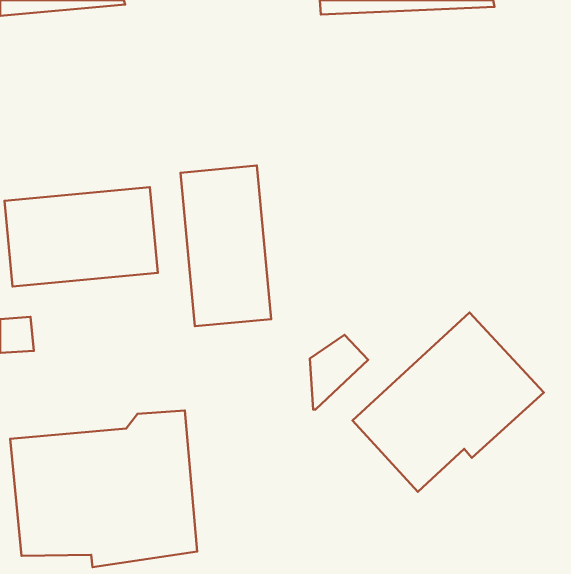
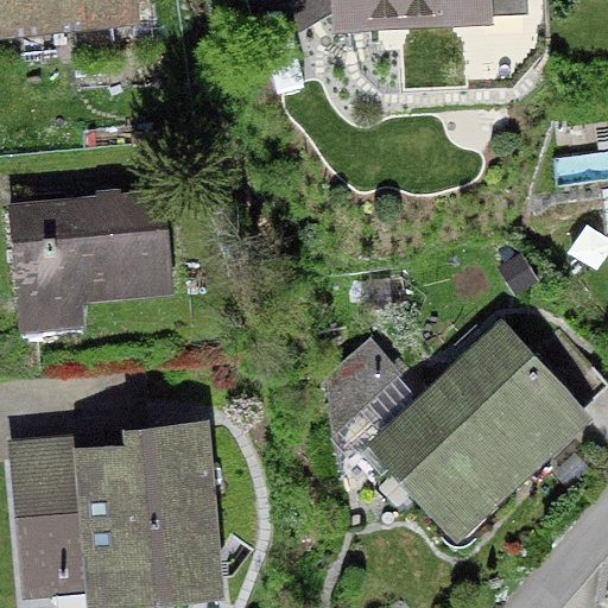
building: [180,166,271,326] -> none

